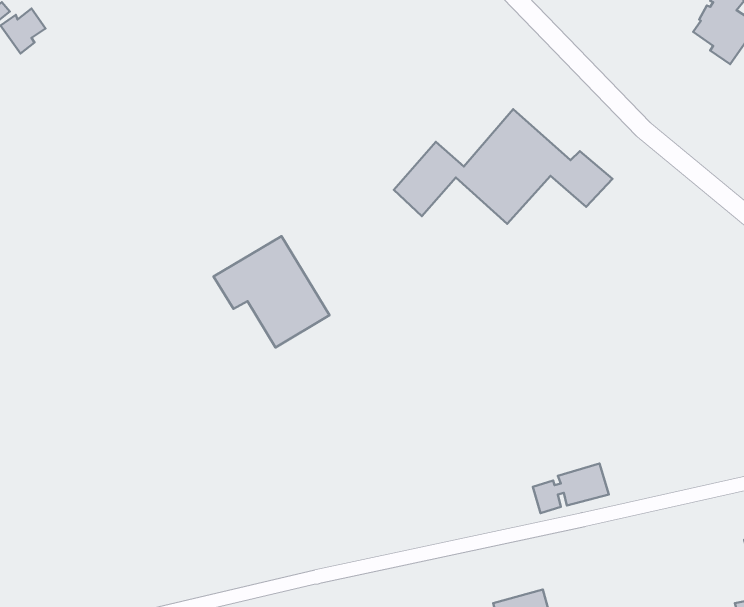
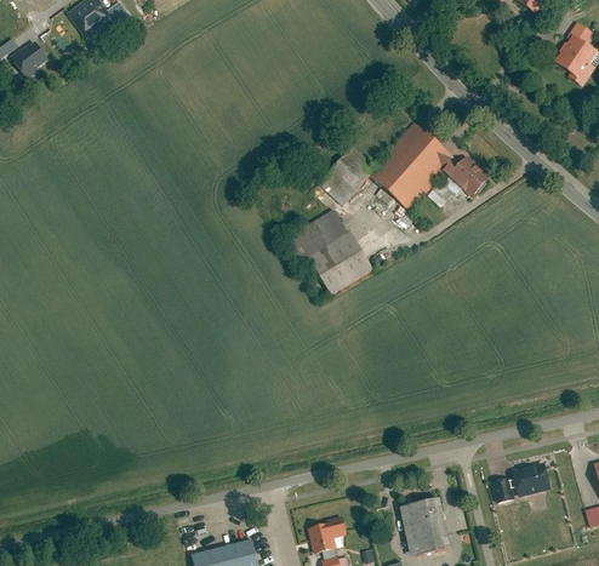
building: [213,236,330,348] -> [283,207,373,295]
building: [533,464,609,513] -> [492,462,552,501]

